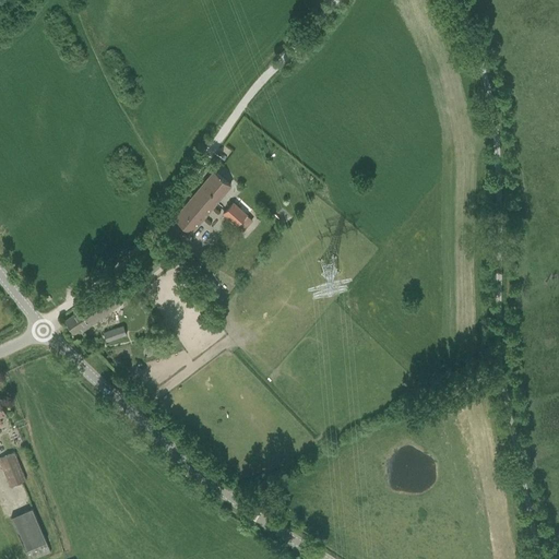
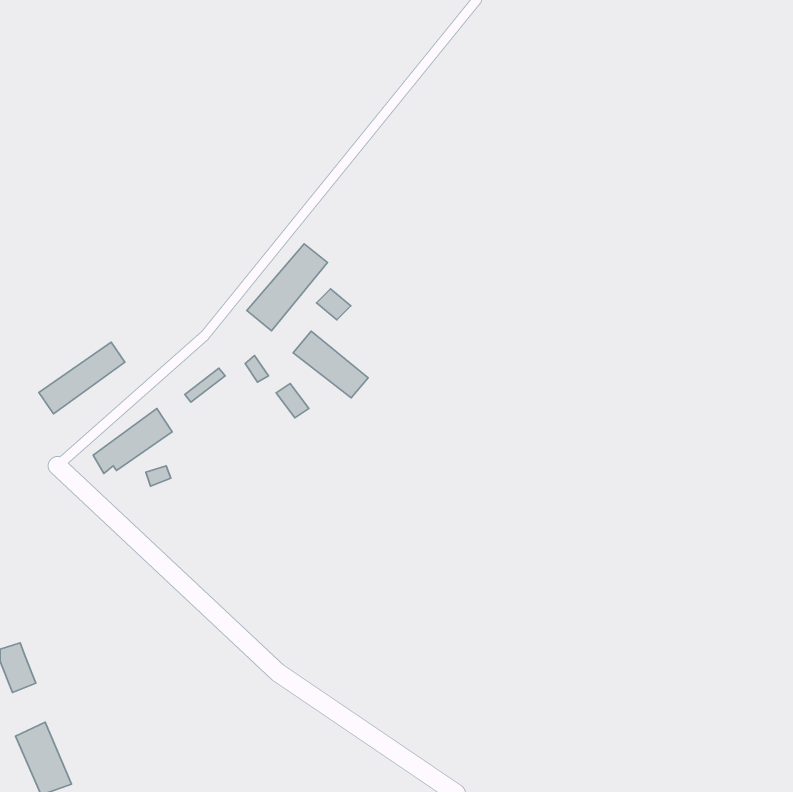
building: none -> [293,331,368,398]
building: none -> [39,342,125,414]

